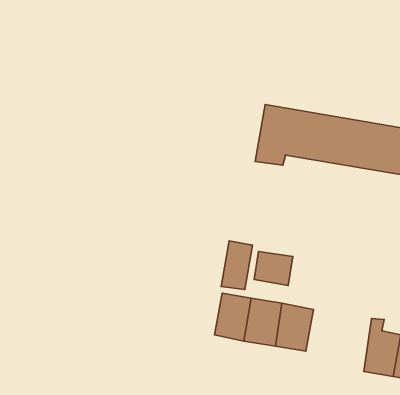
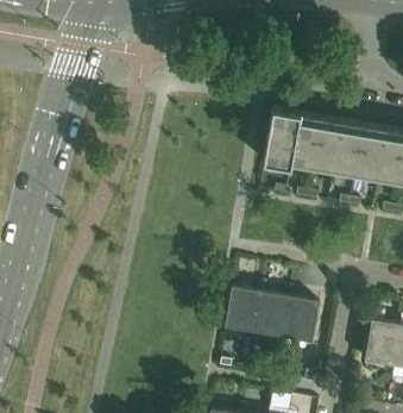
building: [221,241,252,290] -> none
building: [254,252,293,285] -> none

